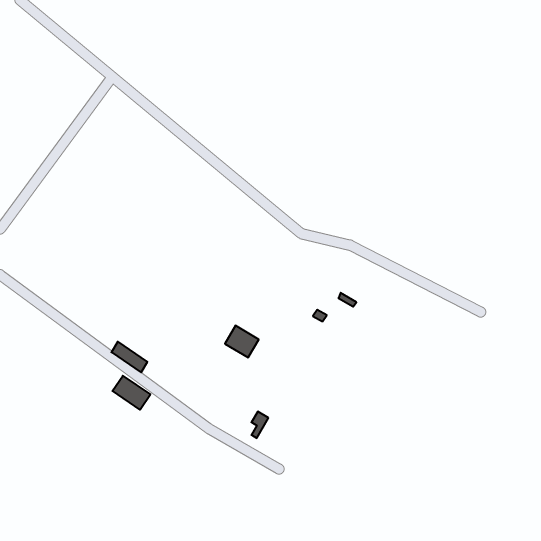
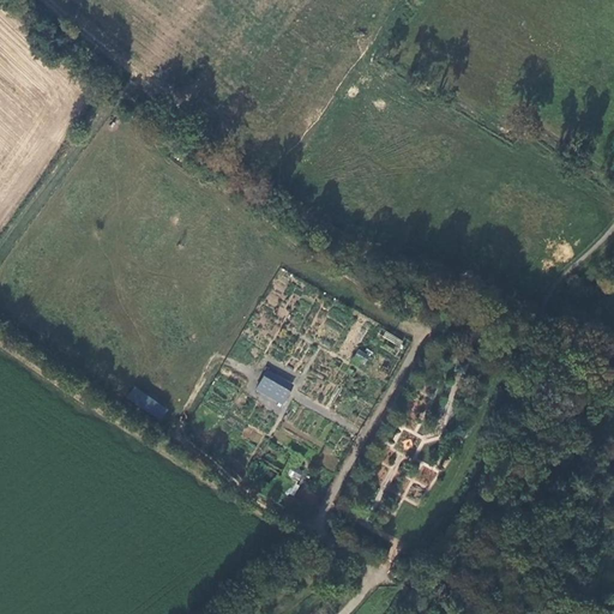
building: [112,376,150,410] -> none

